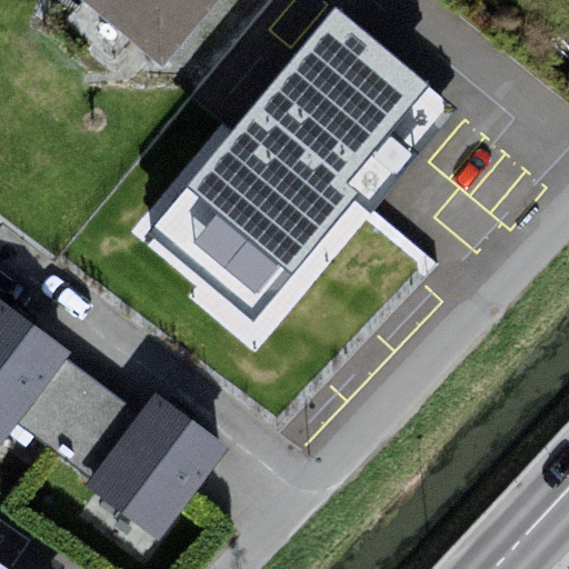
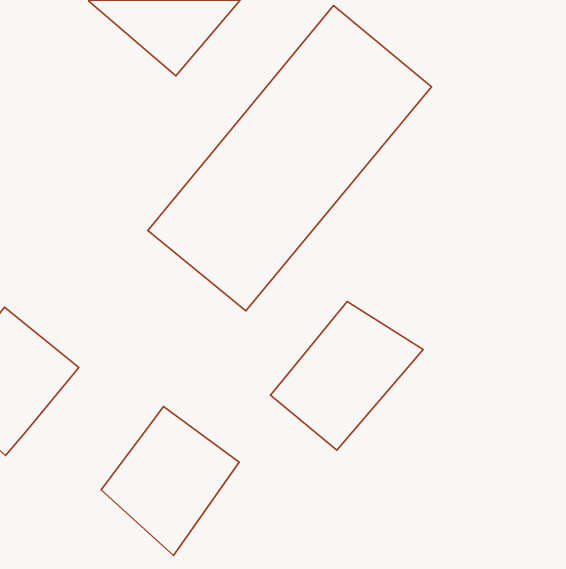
building: none -> [270,302,423,450]
building: [26,367,151,489] -> none

